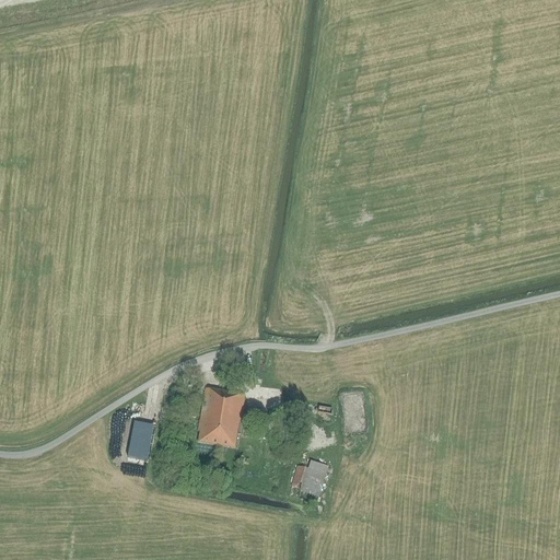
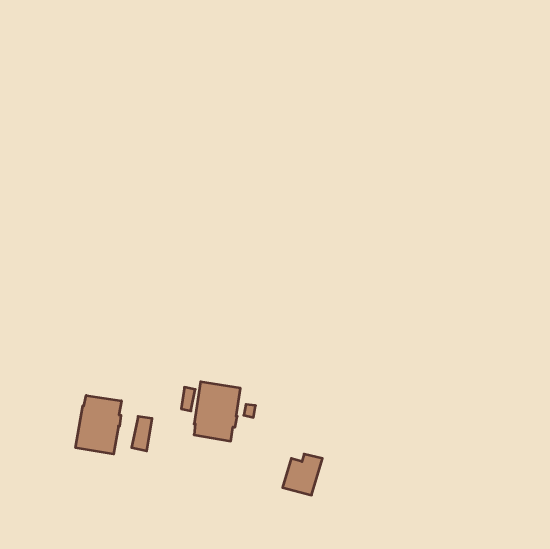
building: none -> [76,395,121,454]

